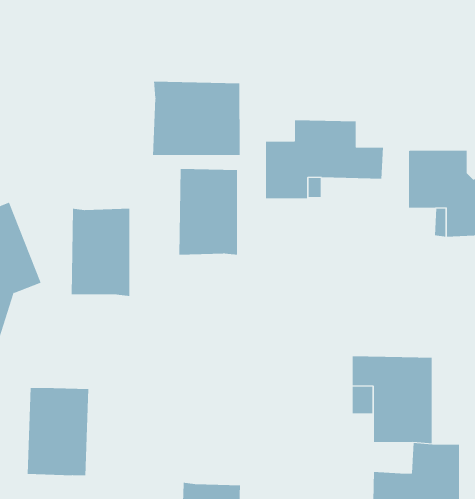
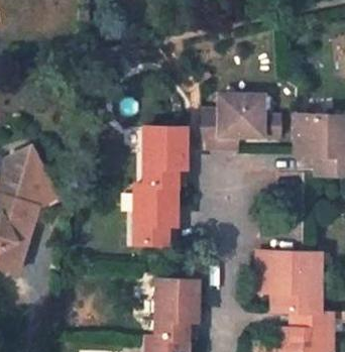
building: [152,81,240,156] -> none
building: [71,208,130,296] -> [136,184,176,242]
building: [27,387,89,476] -> [156,278,198,337]

